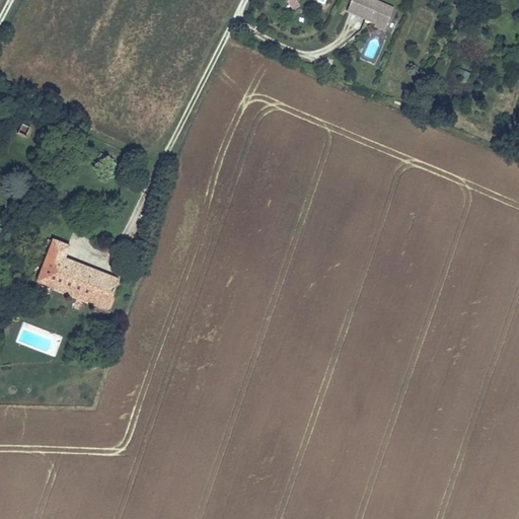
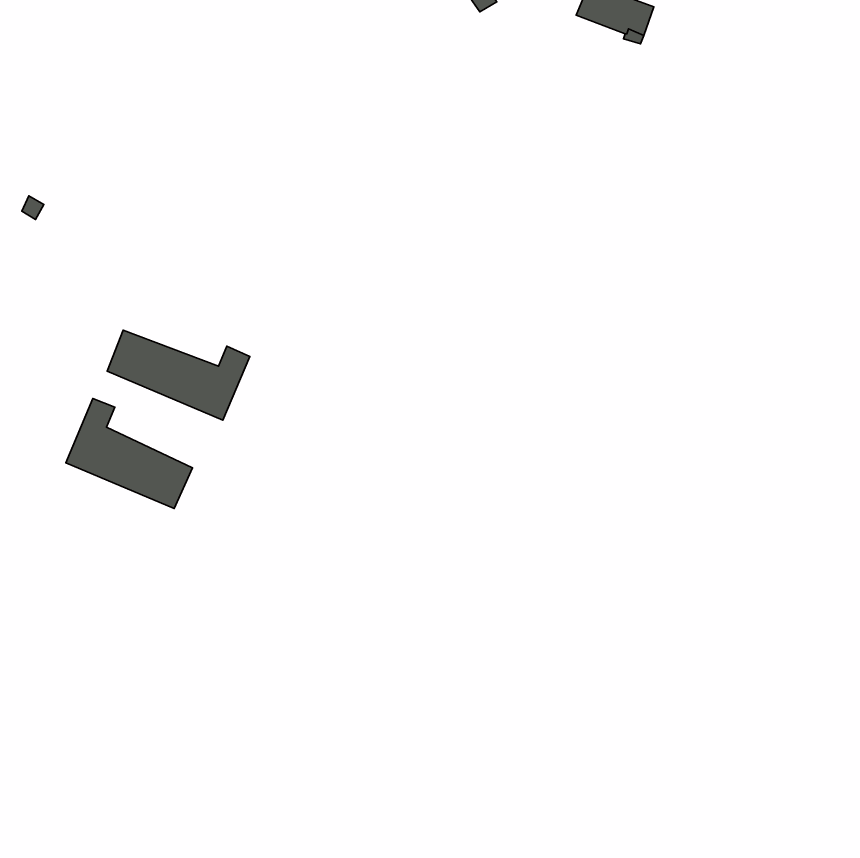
building: none -> [107,330,250,420]

